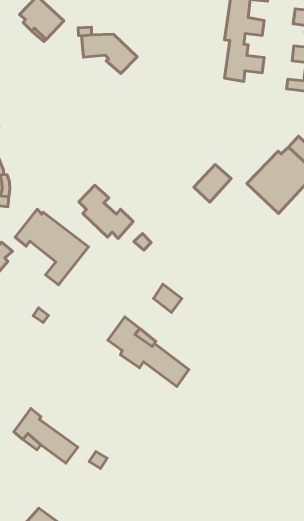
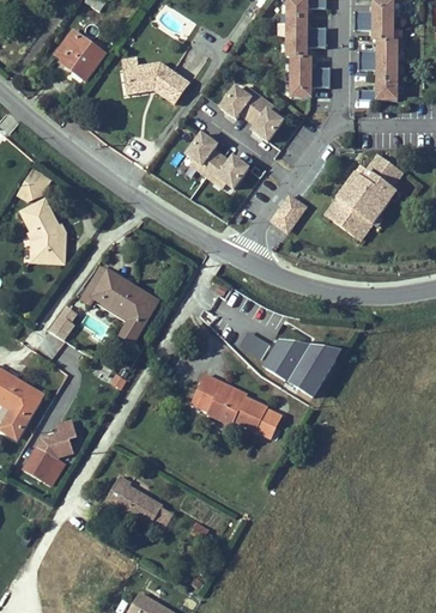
building: none -> [219,84,284,140]
building: [79,185,133,238] -> [184,132,247,187]
building: none -> [261,339,341,396]

